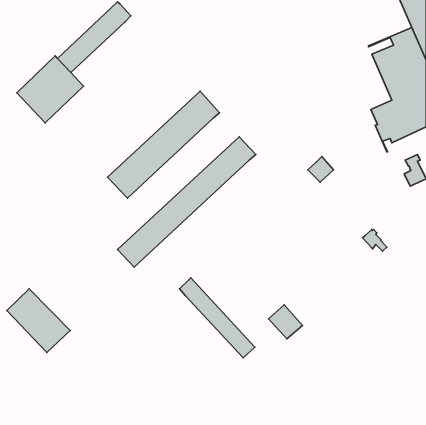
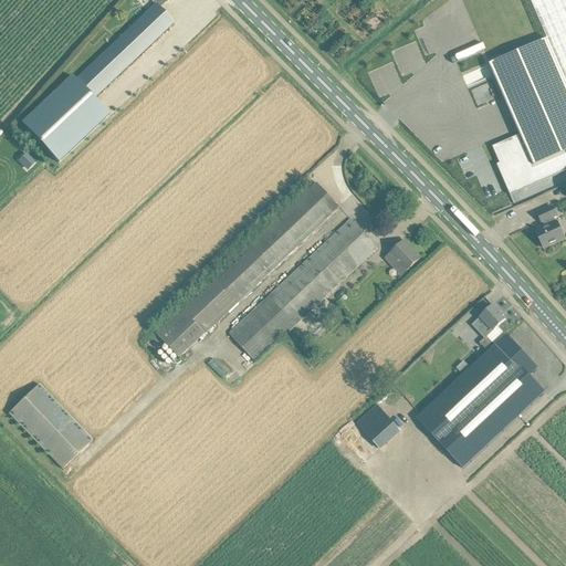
building: [108,91,219,198] -> [229,218,377,359]
building: [308,156,334,182] -> [386,239,420,273]
building: none -> [417,335,543,467]
building: [179,278,255,358] -> none

